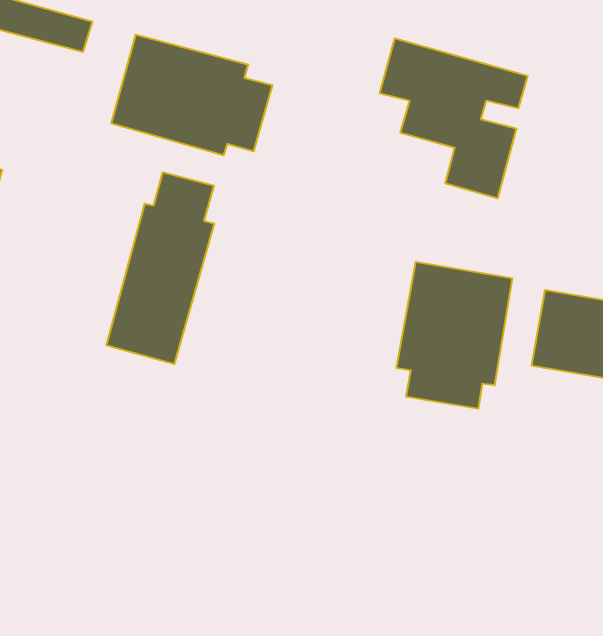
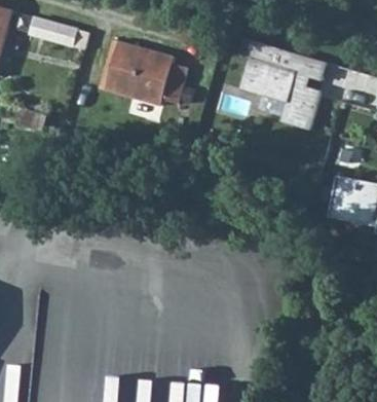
building: [106,172,214,364] -> none
building: [397,262,512,409] -> none

